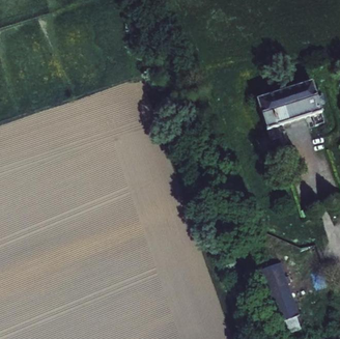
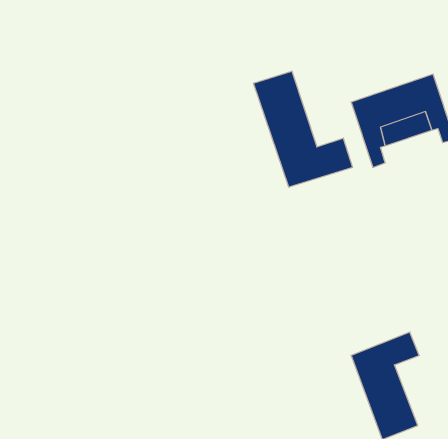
building: none -> [254,71,352,187]

